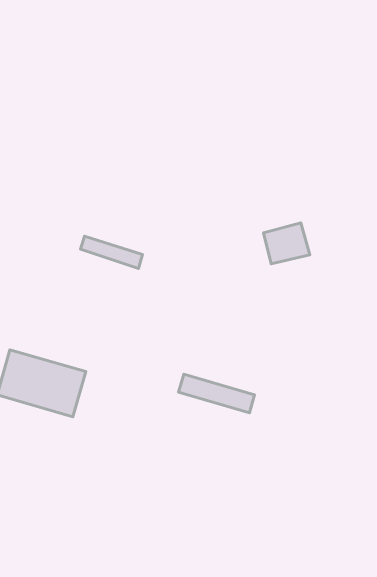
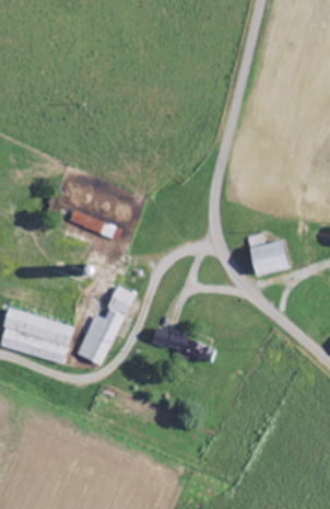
building: [263,223,310,264] -> [250,238,290,273]
building: none -> [76,286,133,363]

